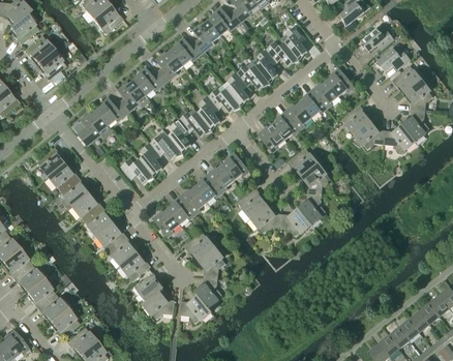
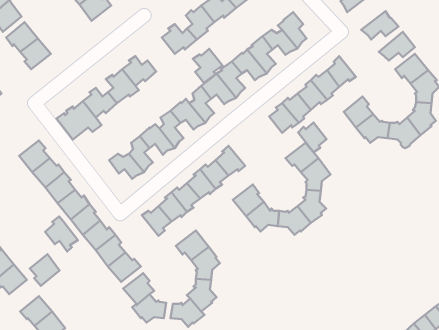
building: [155,50,183,82] -> [193,49,222,83]
building: [258,124,284,152] -> [298,123,327,152]
building: none -> [45,216,78,252]
building: [27,278,55,308] -> [30,254,60,286]

